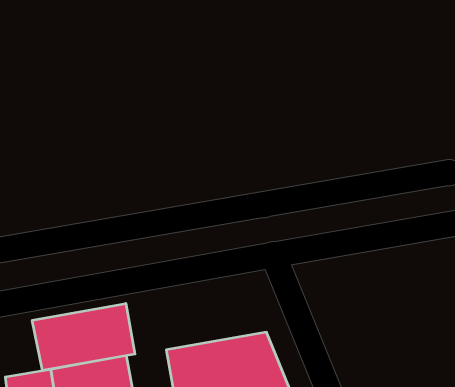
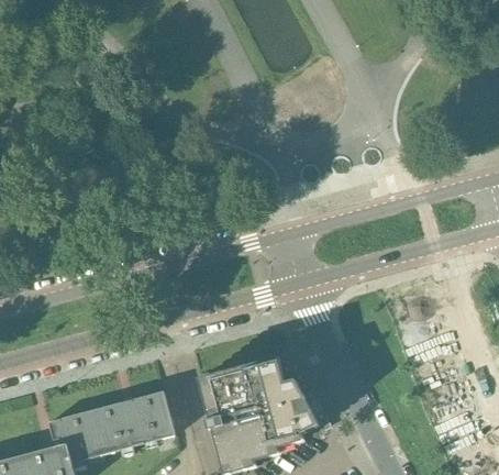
building: [32,303,135,370] -> none

